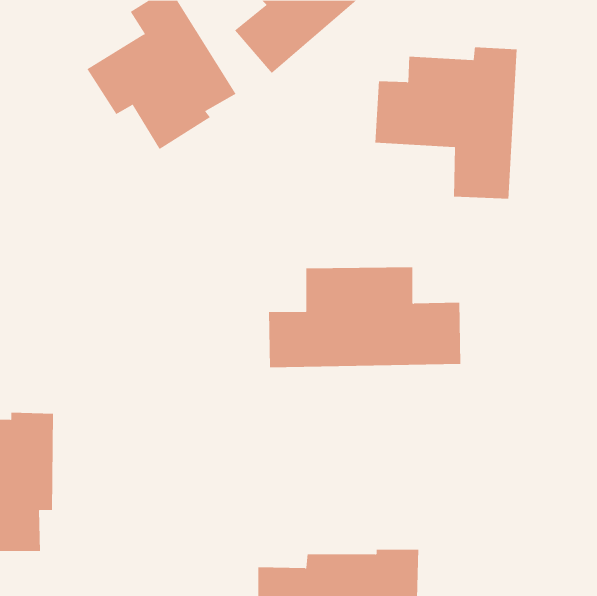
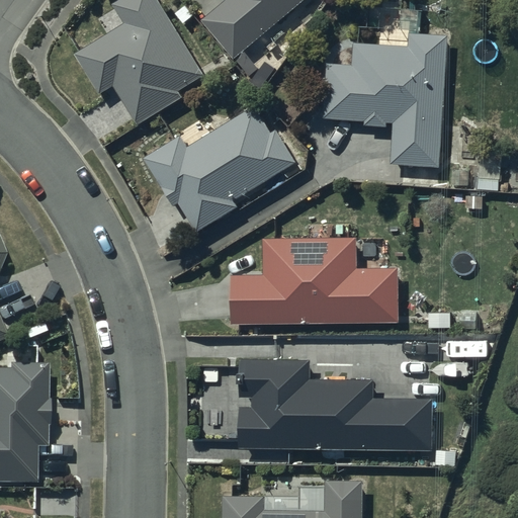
building: none -> [145,113,295,240]
building: none -> [240,356,431,444]

